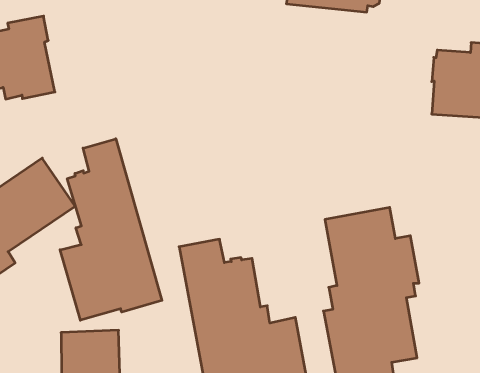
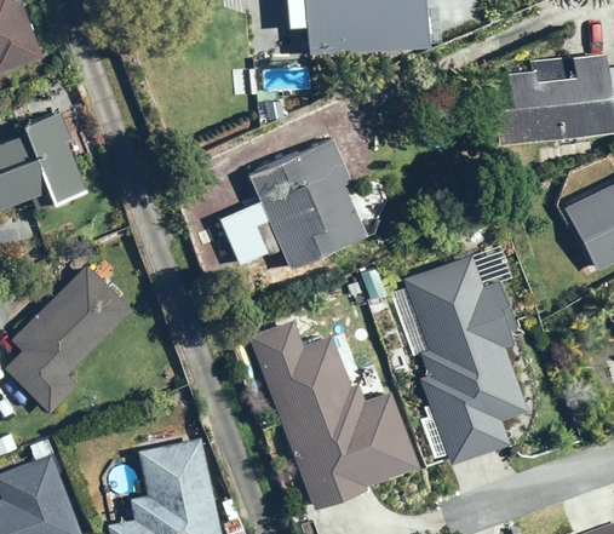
building: none -> [217,136,367,269]
building: [60,139,162,320] -> none

